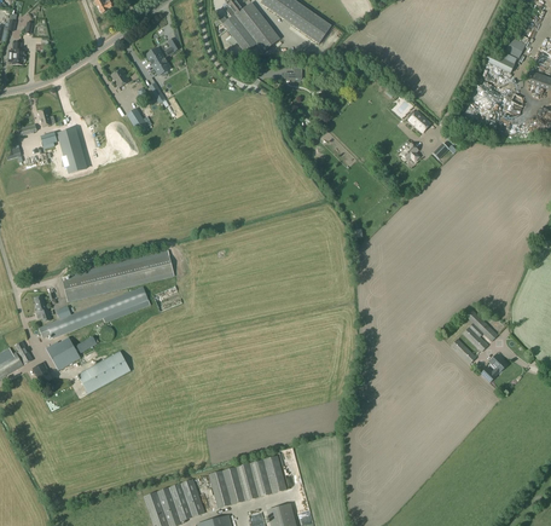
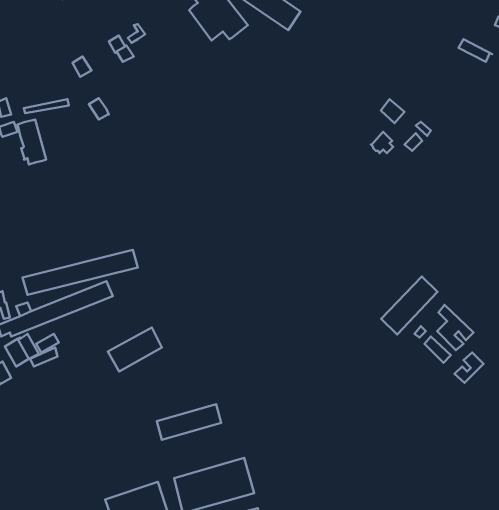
building: none -> [381,277,438,334]
building: [79,351,130,393] -> [108,328,162,371]
building: none -> [157,404,221,440]

